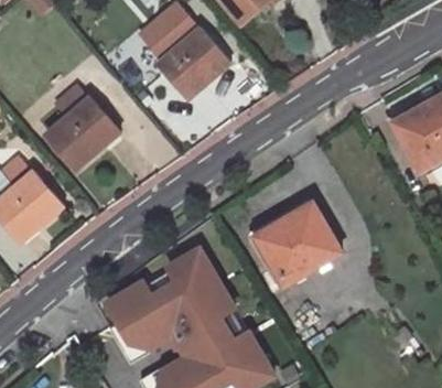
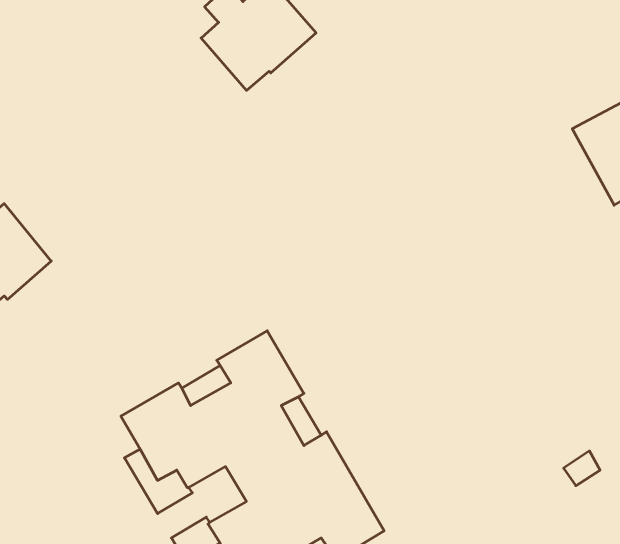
building: [44,95,116,168] -> none
building: [255,204,338,284] -> none

